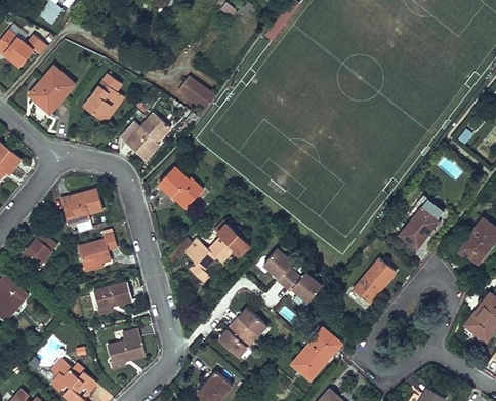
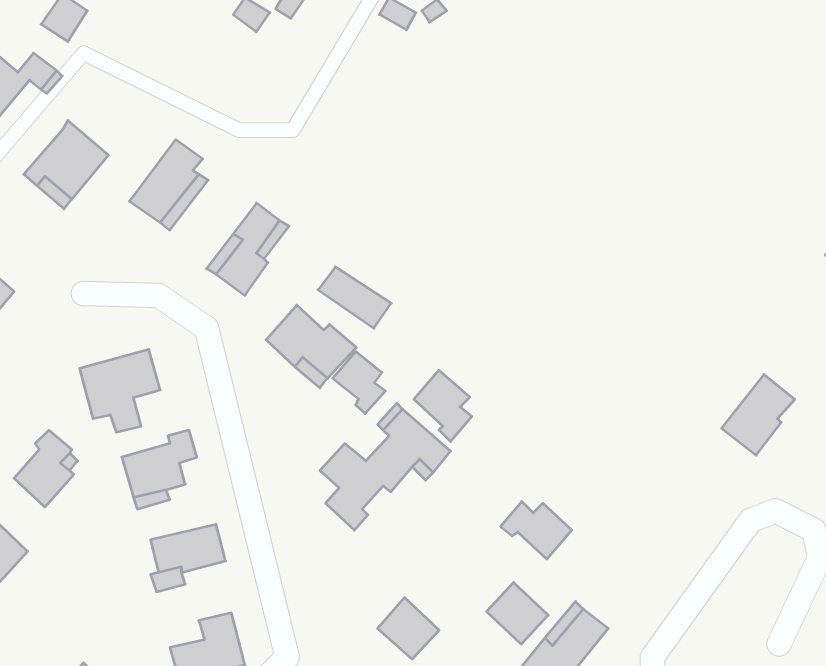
building: [176,76,215,109] -> [318,267,391,328]
building: none -> [333,352,385,414]
building: [262,246,293,284] -> [414,370,472,442]
building: [354,256,397,300] -> none
building: [231,307,263,339] -> [487,582,548,644]

